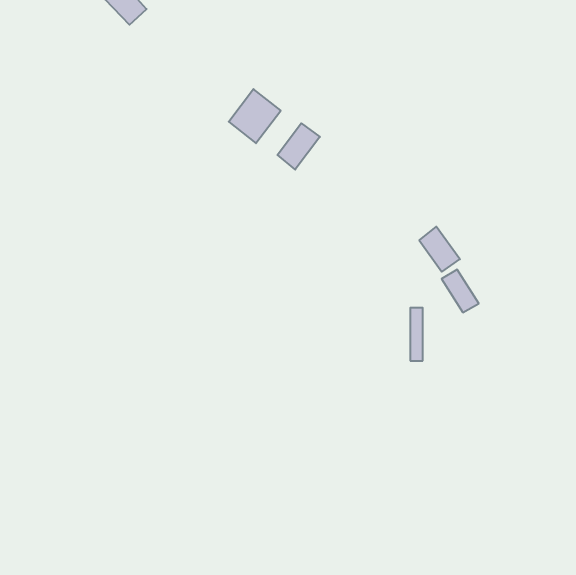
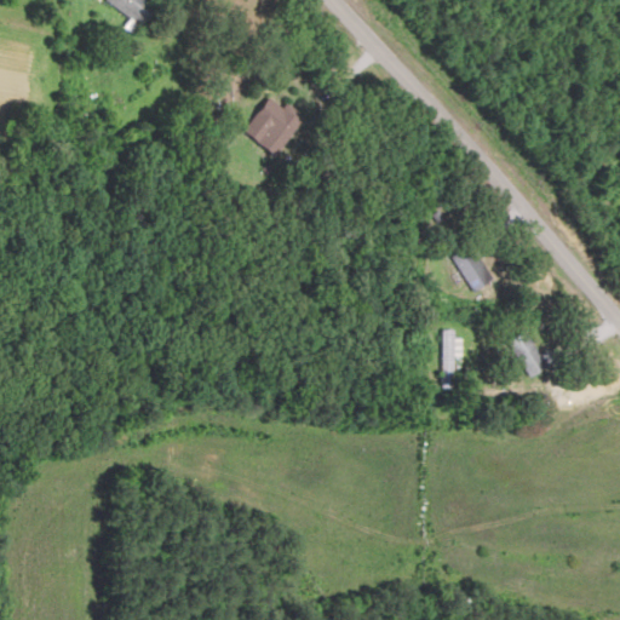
building: [277,123,320,170] -> none
building: [442,270,479,312] -> [507,331,547,377]

